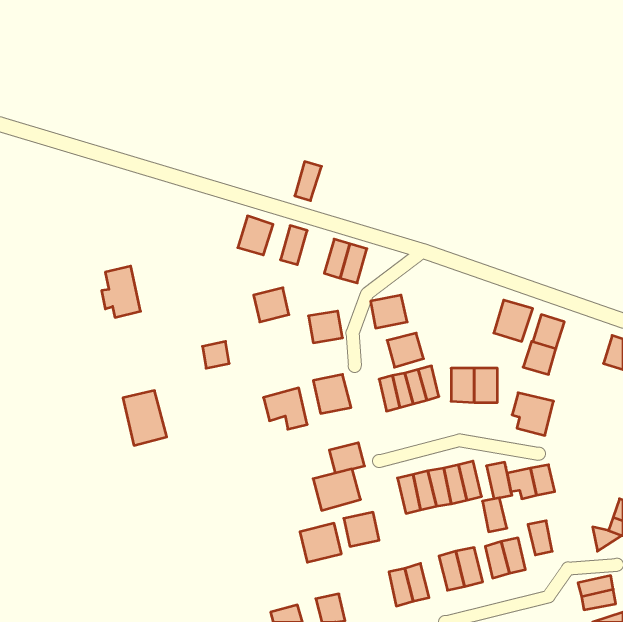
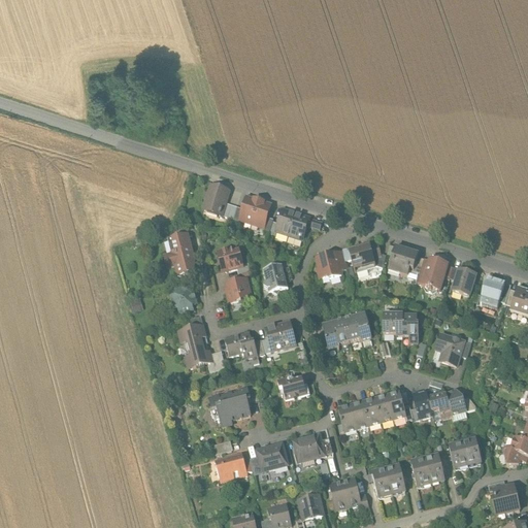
building: [295,162,322,201] -> [252,195,274,228]
building: [102,266,141,317] -> [163,231,196,274]
building: none -> [387,242,420,275]
building: none -> [223,276,253,302]
building: [387,333,424,367] -> [346,241,377,270]
building: [523,341,556,374] -> [478,274,506,302]
building: [123,391,167,445] -> [177,322,214,368]
building: [313,469,361,510] -> [213,388,254,423]
building: [482,498,507,532] -> [462,437,483,466]
building: none -> [212,451,250,484]
building: none -> [296,493,326,522]

